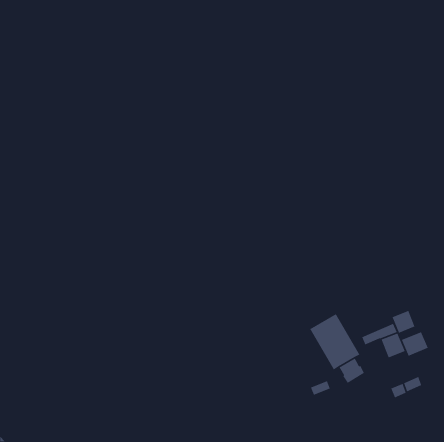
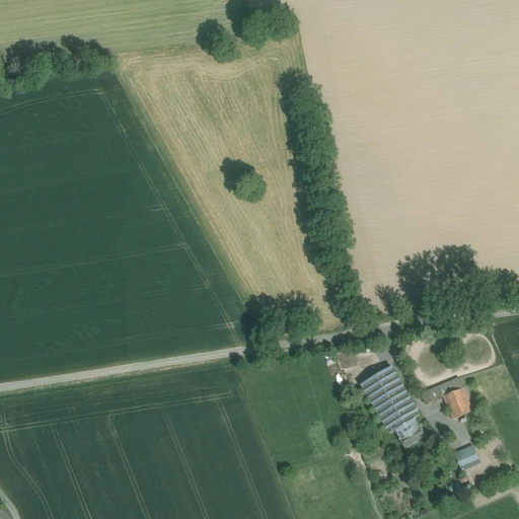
building: [392,310,416,334] -> none
building: [401,331,429,357] -> none

